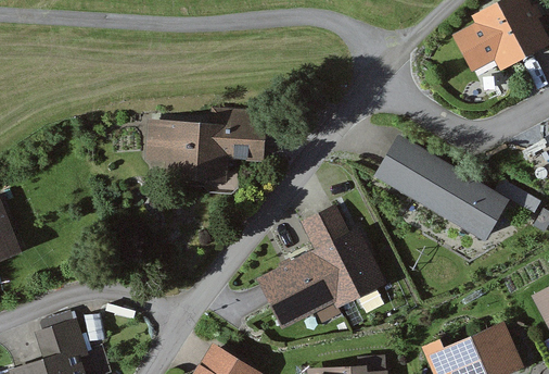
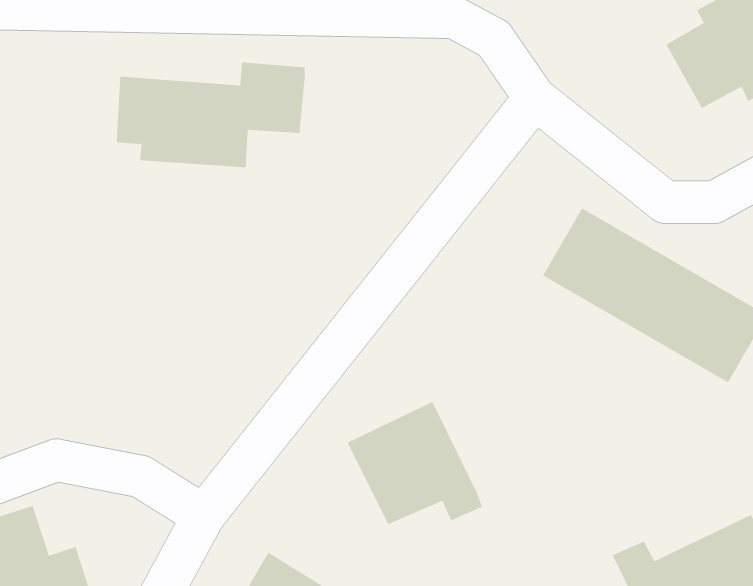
building: [142,108,257,172] -> [116,62,306,168]
building: [295,203,386,310] -> none

